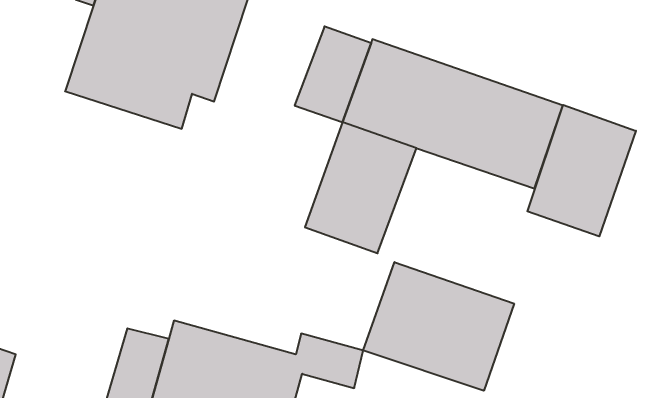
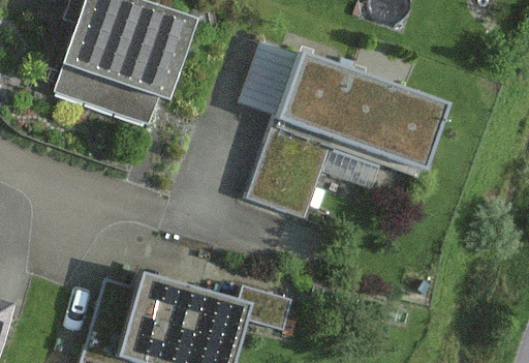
building: [527,105,636,236] -> none
building: [363,262,514,391] -> none

